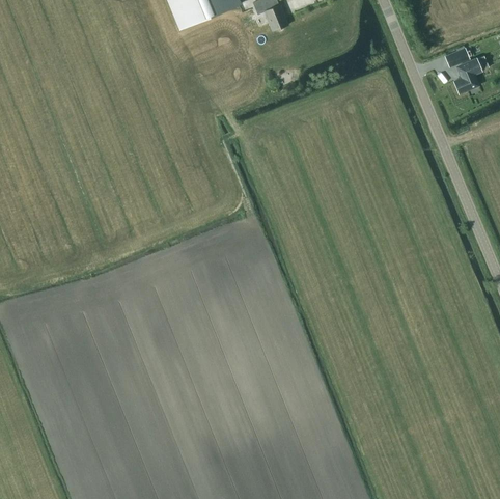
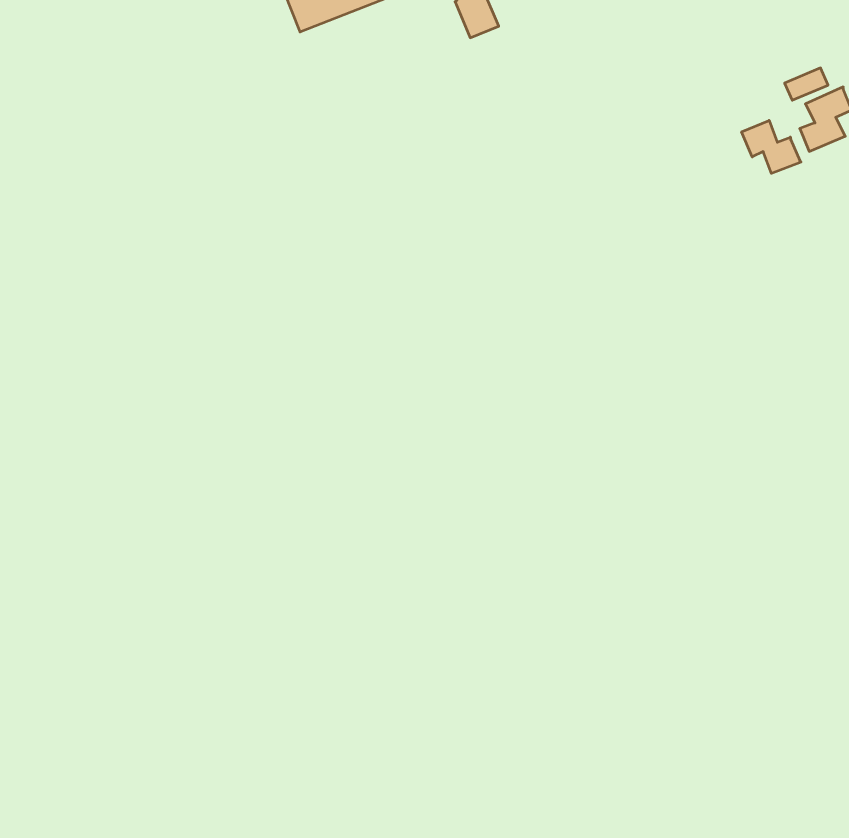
building: none -> [742,120,801,173]

